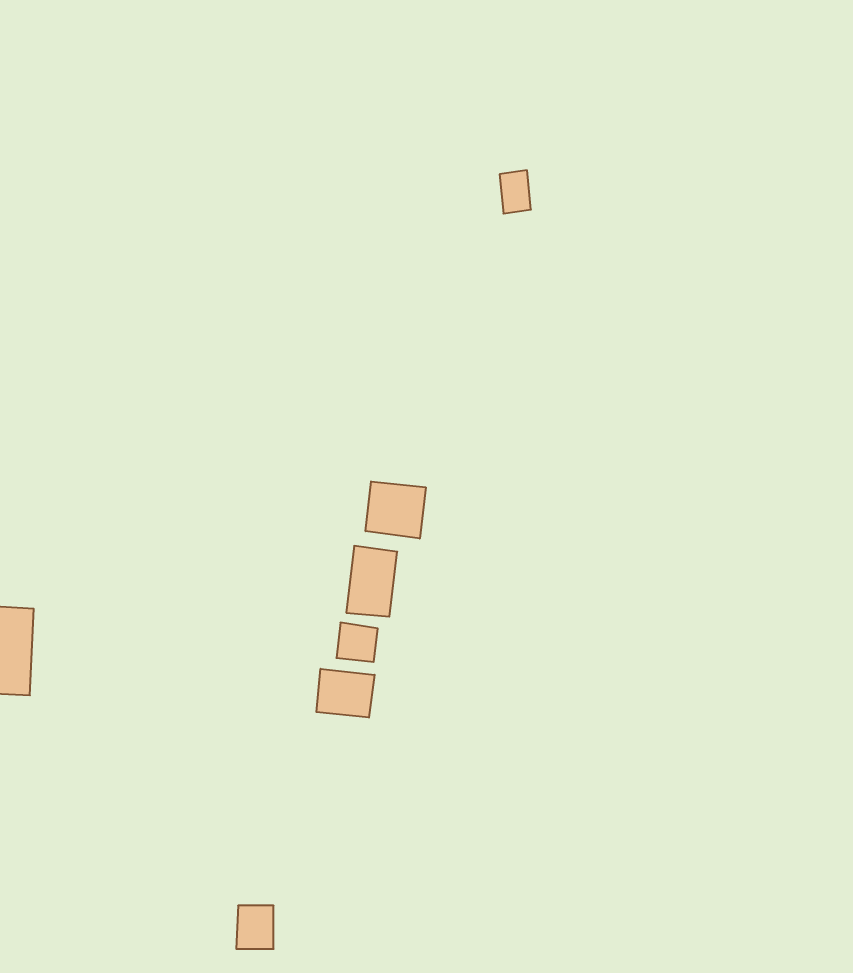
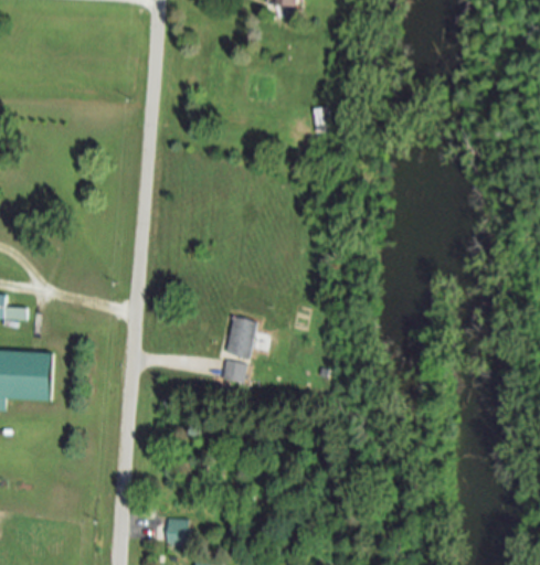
building: [366,481,426,539] -> none
building: [316,669,375,718] -> none

